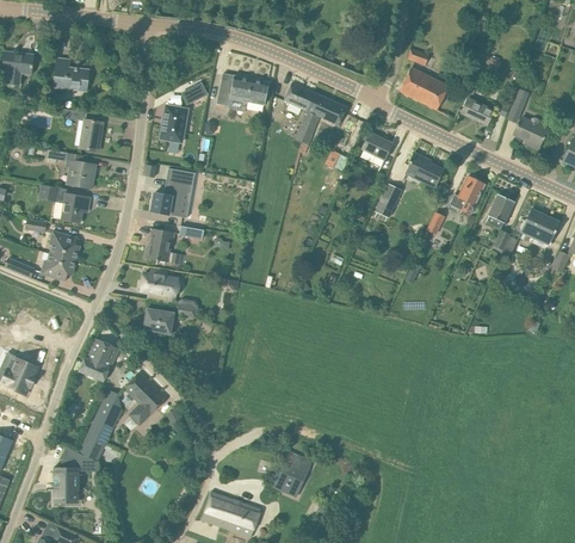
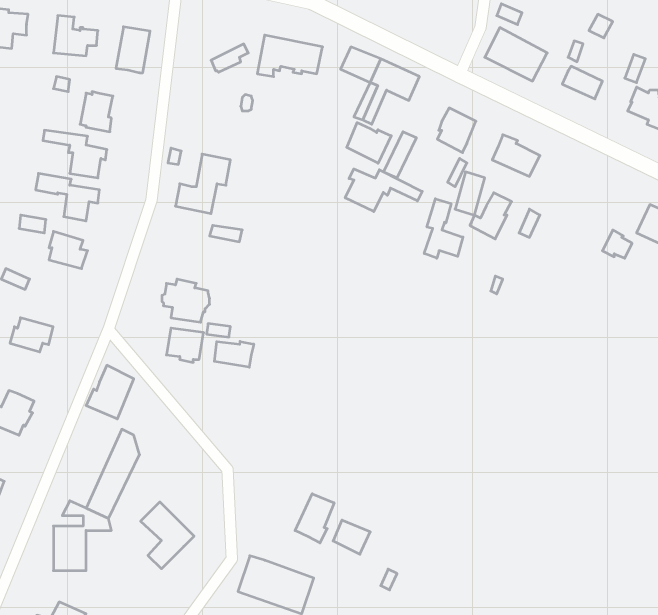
building: [160,105,187,142] -> [116,27,150,73]
building: none -> [347,123,391,163]
building: [450,177,483,214] -> [470,193,512,239]
building: none -> [345,169,422,212]
building: [486,193,514,229] -> none
building: none -> [424,199,463,258]
building: [144,228,185,265] -> none
building: [41,253,75,280] -> [10,318,53,352]
building: none -> [214,341,254,367]
building: [123,371,166,425] -> [141,502,194,569]
building: none -> [295,494,334,543]

